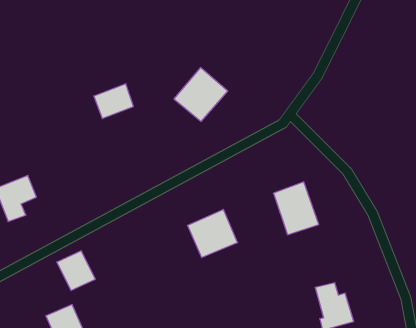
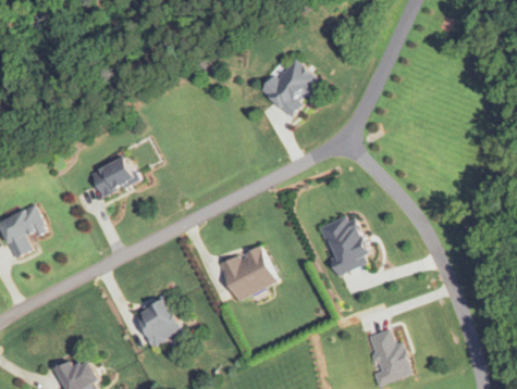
building: [174,68,228,121] -> [259,55,321,117]
building: [94,84,133,119] -> [90,158,136,198]
building: [57,251,95,290] -> [136,300,181,346]

